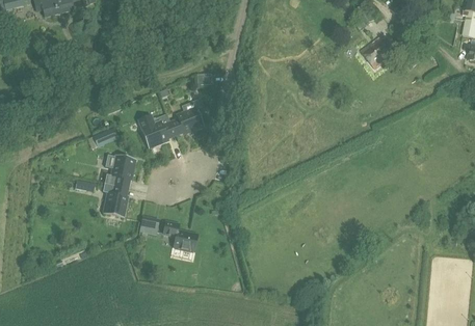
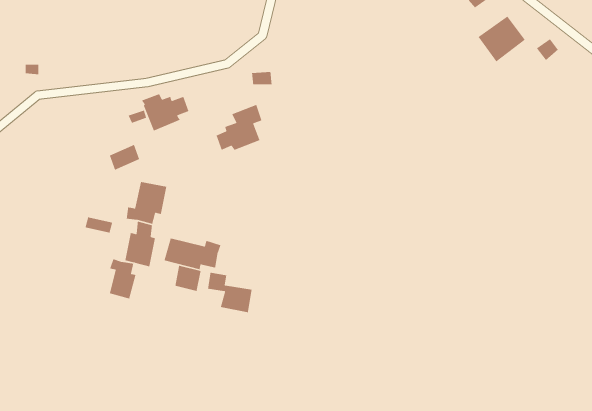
building: [139,119,175,148] -> [141,93,189,133]
building: none -> [163,236,222,270]
building: none -> [108,258,136,300]

